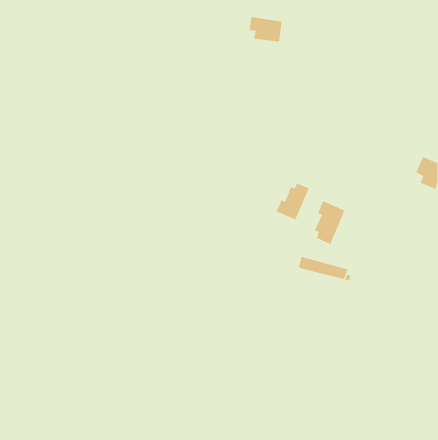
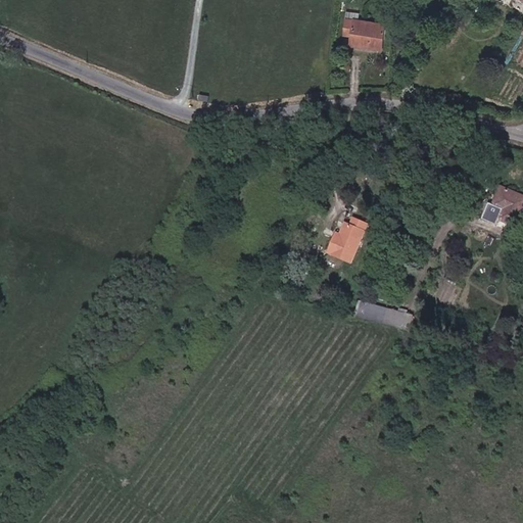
building: [249,16,282,42] -> [341,17,381,48]
building: [314,201,345,245] -> none

